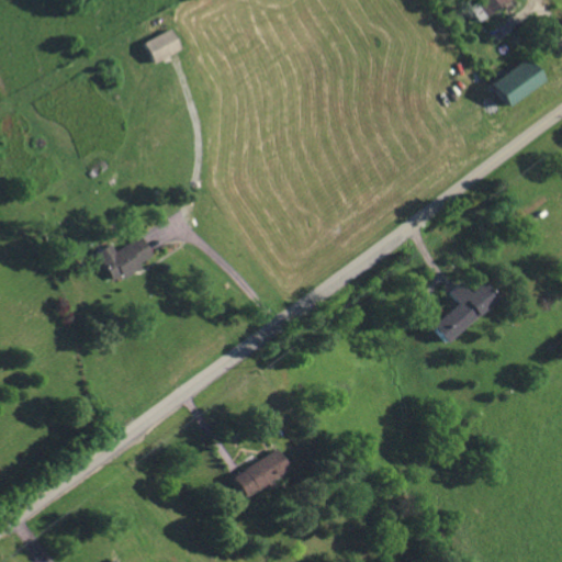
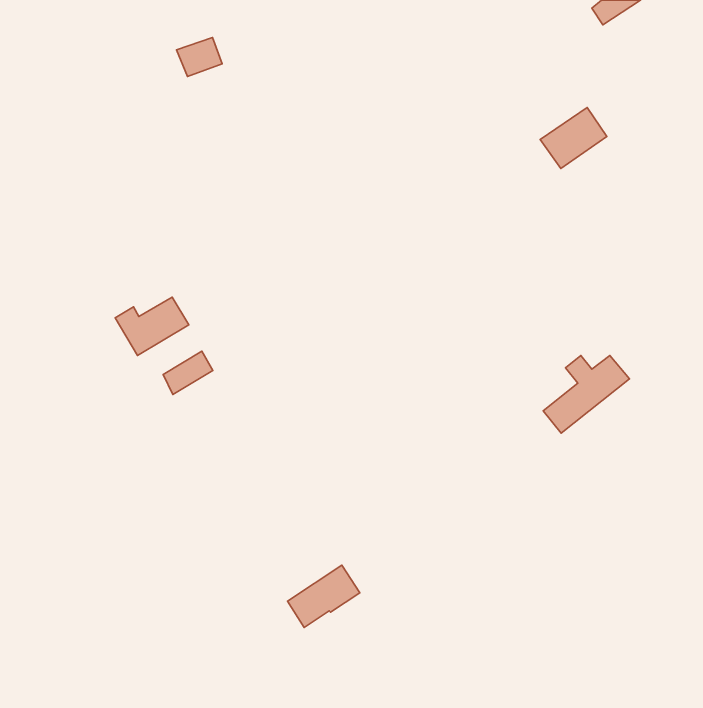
building: [491,58,543,106] -> [540,107,607,169]
building: none -> [163,351,213,395]

